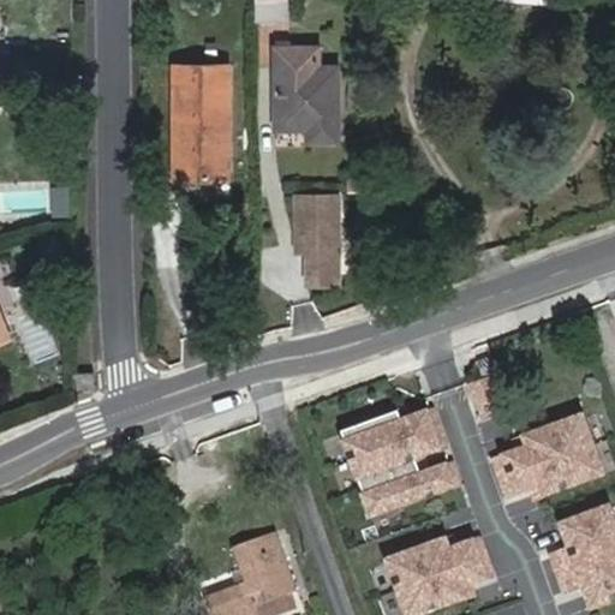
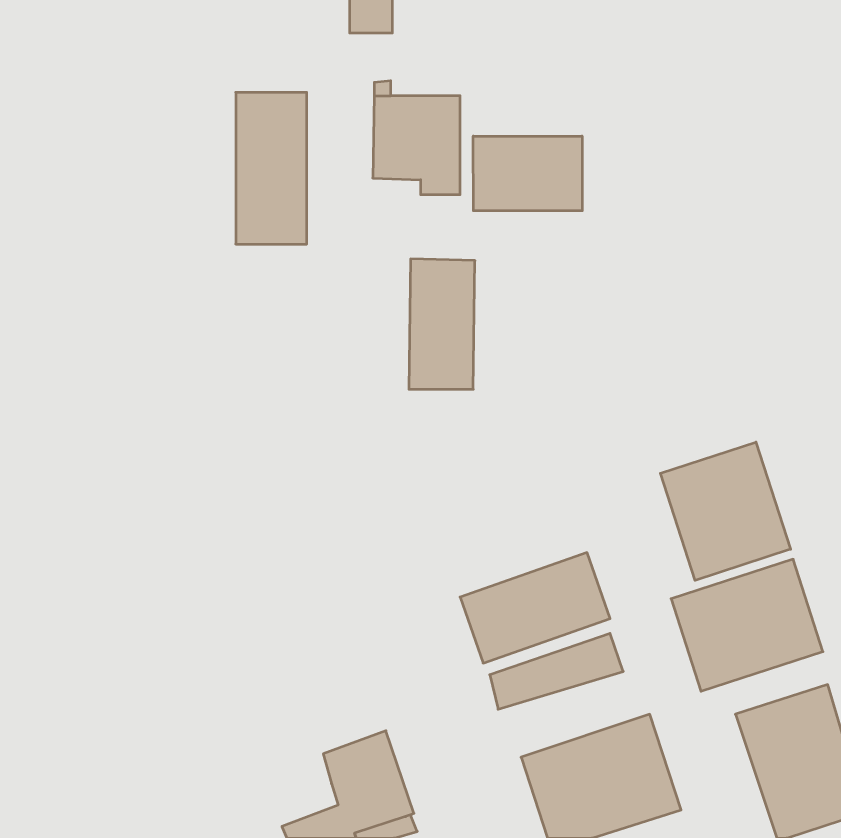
building: none -> [473,136,582,211]
building: none -> [660,442,791,580]

